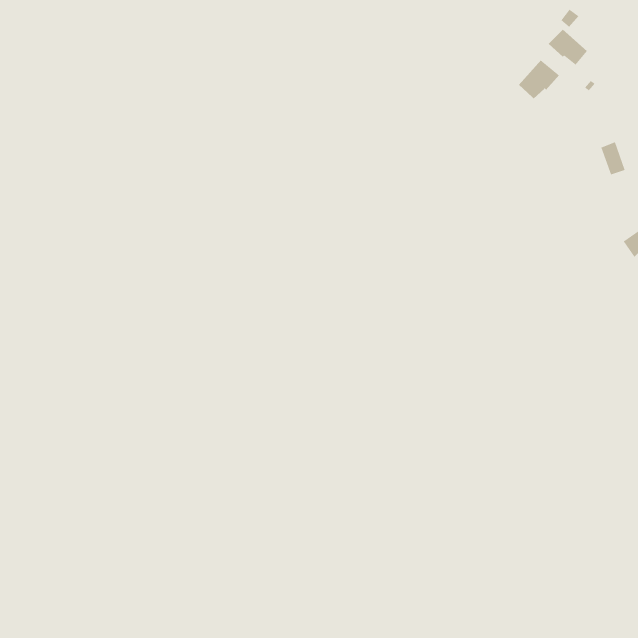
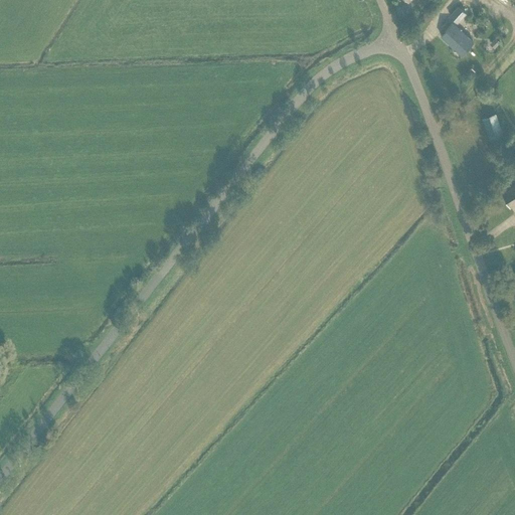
building: [518,59,560,102] -> none

